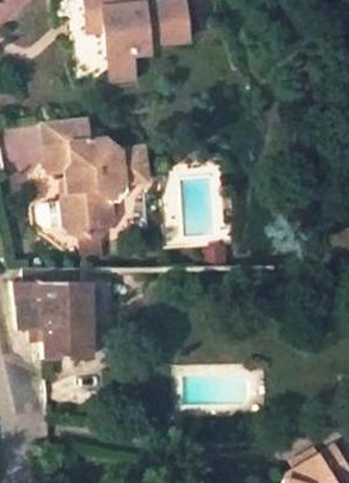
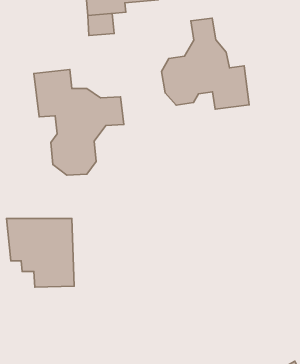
building: none -> [162,18,249,109]

